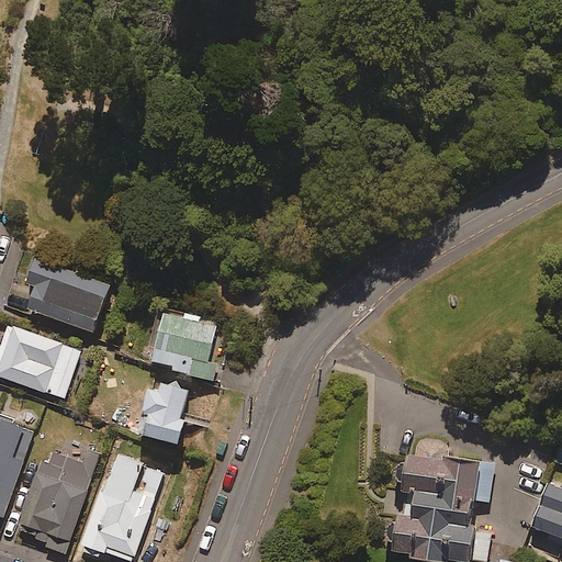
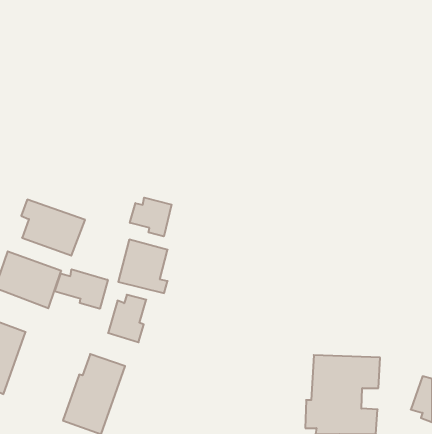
building: none -> [130,198,172,236]
building: none -> [55,269,108,309]
building: [18,445,98,552] -> none

